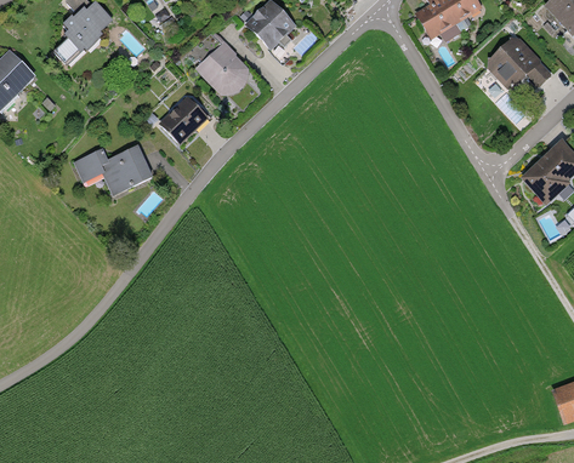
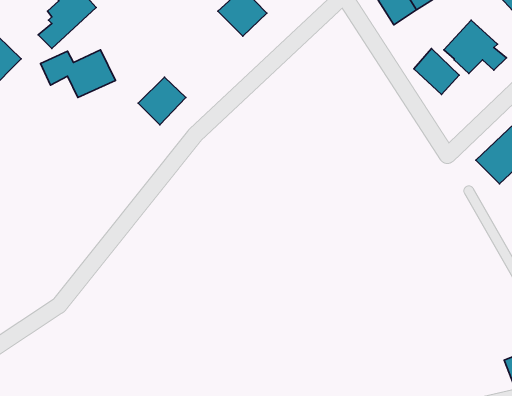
building: [194,44,255,104] -> none
building: none -> [414,48,459,94]
building: [73,144,153,195] -> [40,50,115,98]

